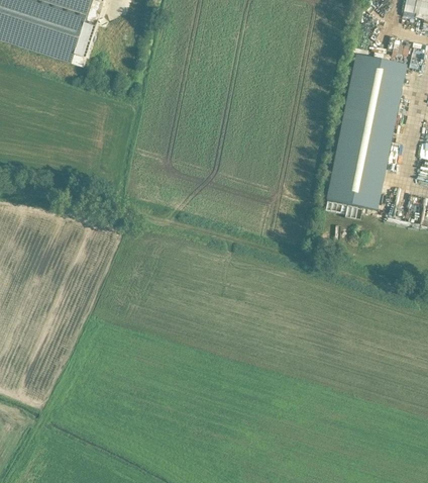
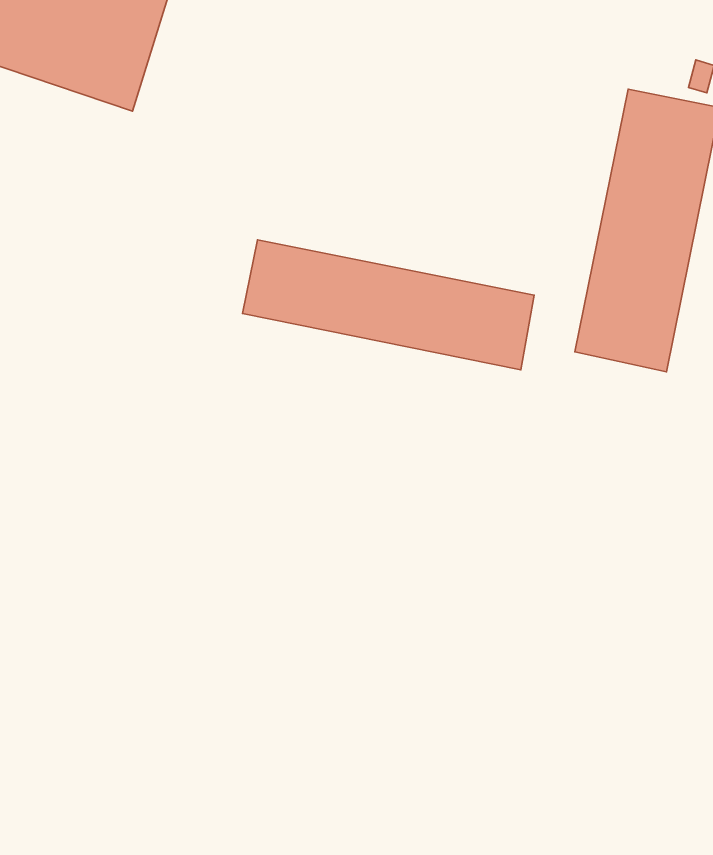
building: none -> [243,240,534,370]

